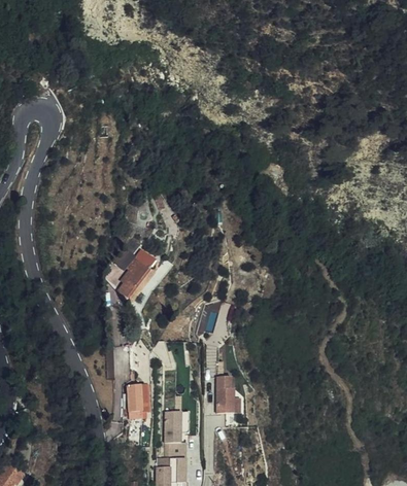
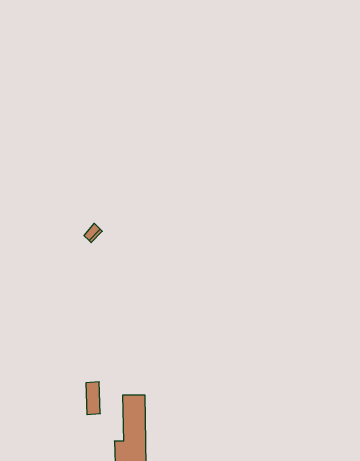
building: [117,250,150,292] -> none
building: [219,377,237,413] -> none

